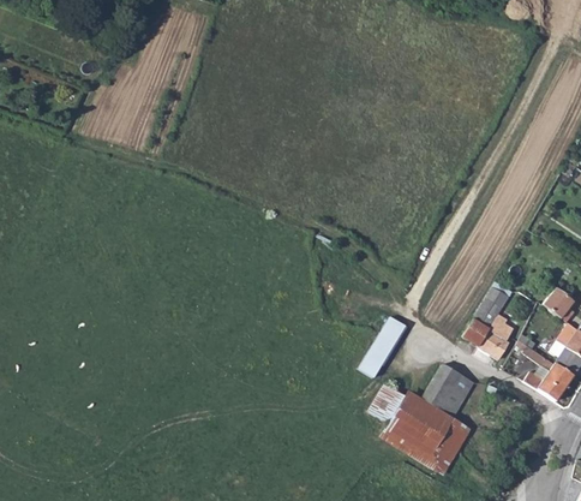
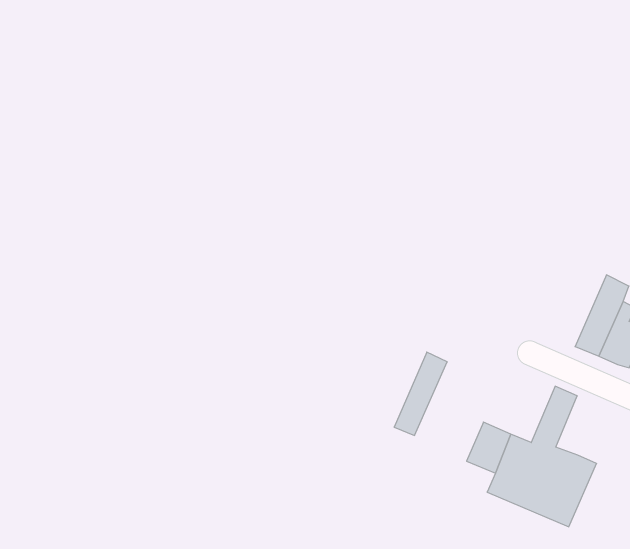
building: [360,316,407,377] -> [394,352,447,435]
building: [438,374,475,418] -> none

